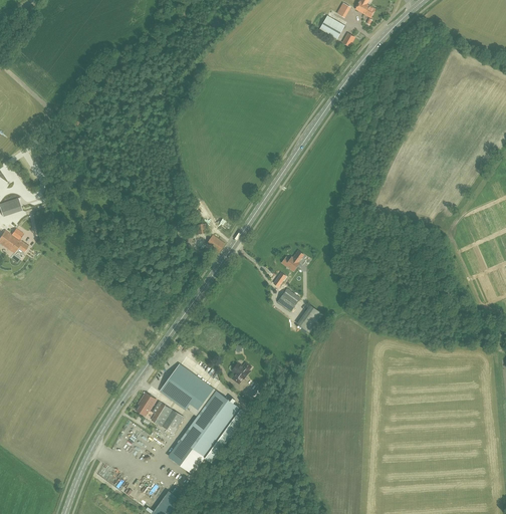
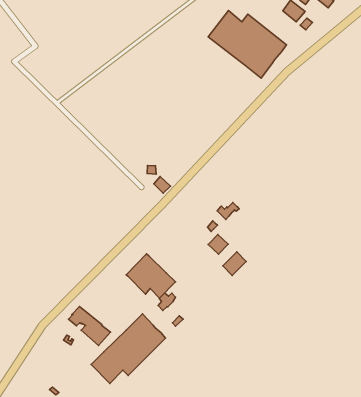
building: none -> [208,11,286,78]
building: [160,363,216,411] -> [126,254,176,298]

